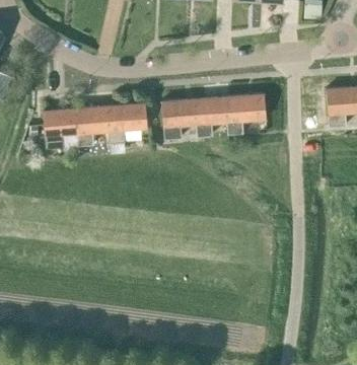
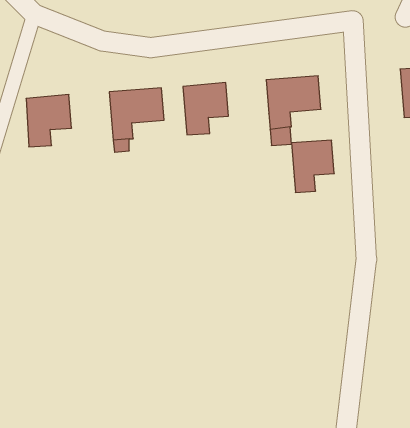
building: [195,97,227,137] -> [291,140,334,192]
building: [76,106,109,146] -> none

